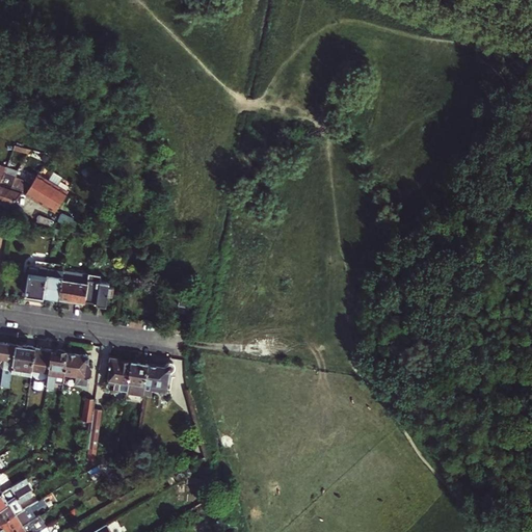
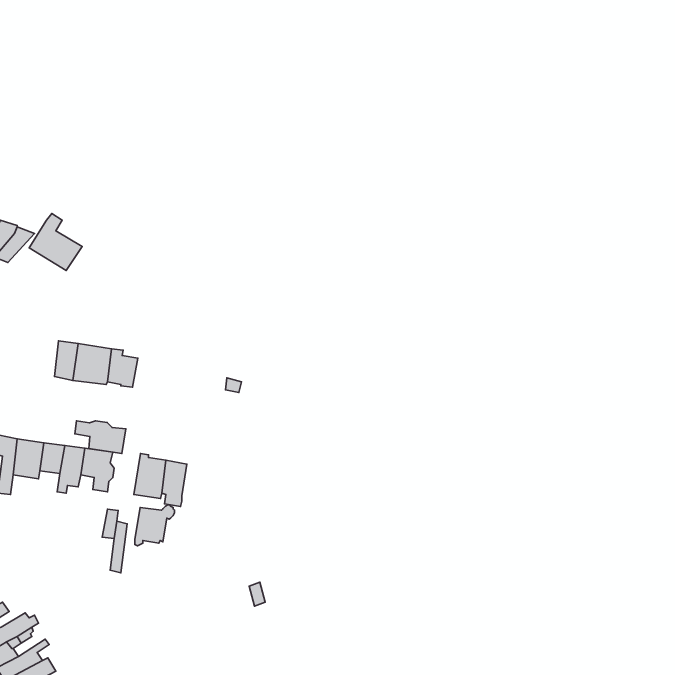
building: [25,267,46,297] -> none
building: none -> [75,421,126,454]
building: [142,364,174,396] -> [135,505,175,546]

